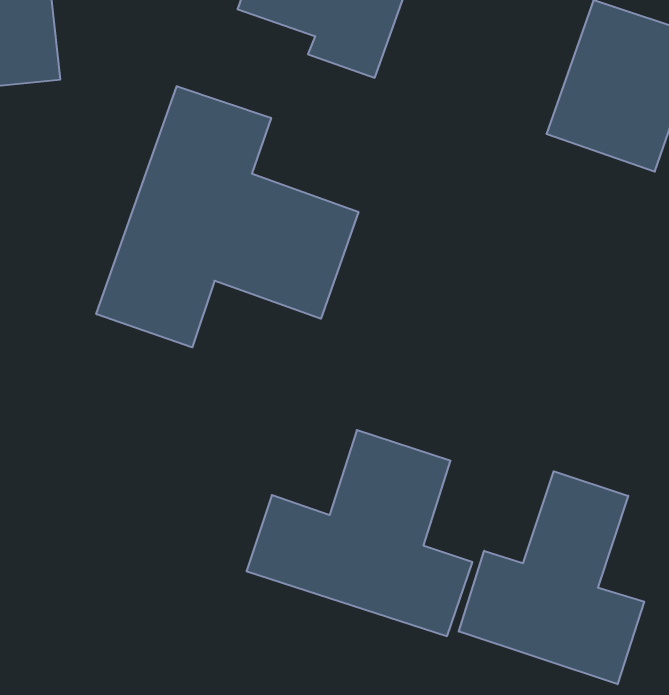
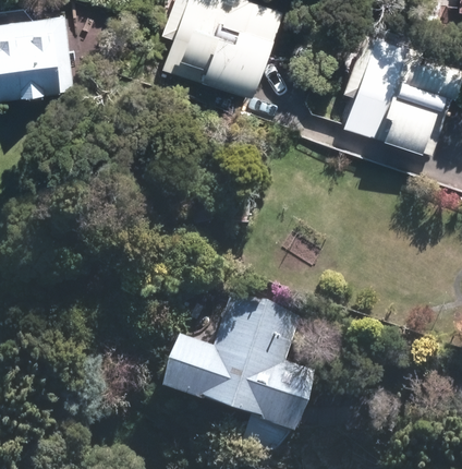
building: [96,86,358,347] -> none
building: [459,471,644,684] -> none

